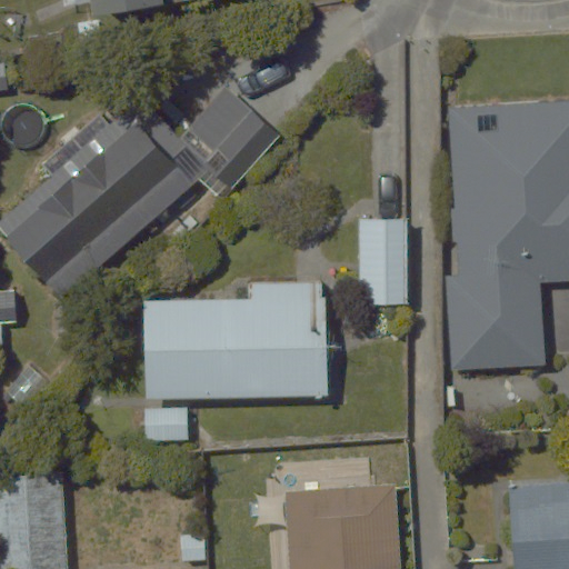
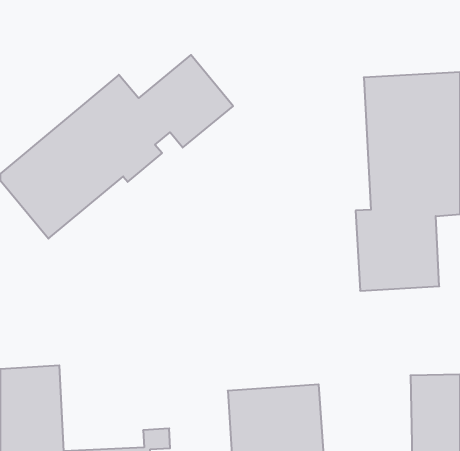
building: [358,216,409,300] -> none
building: [138,277,332,450] -> none

